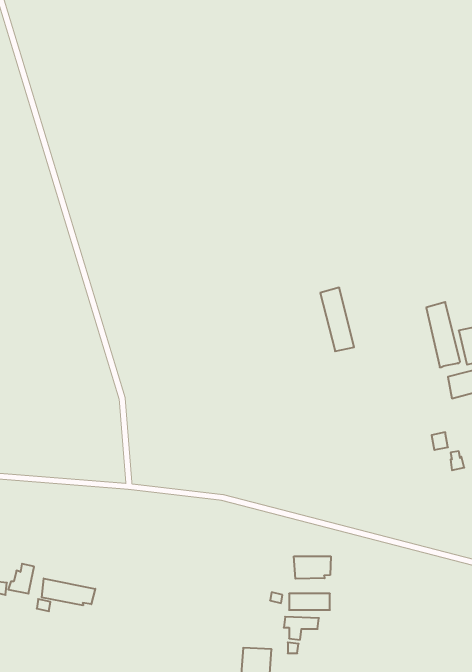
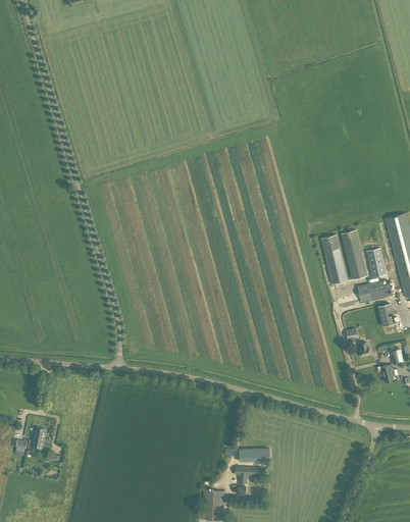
building: [320,288,354,351] -> [321,234,347,282]
building: [294,556,331,579] -> none
building: [42,578,95,605] -> none

